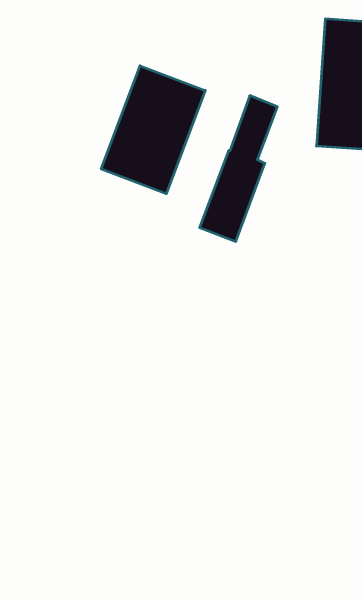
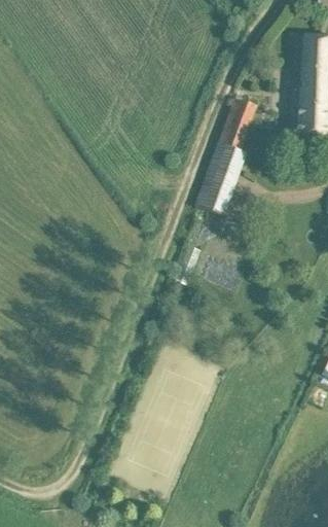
building: [101,66,205,194] -> none

